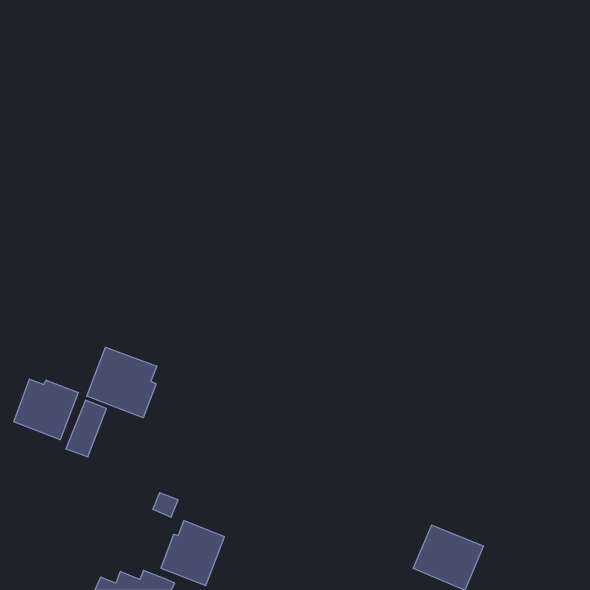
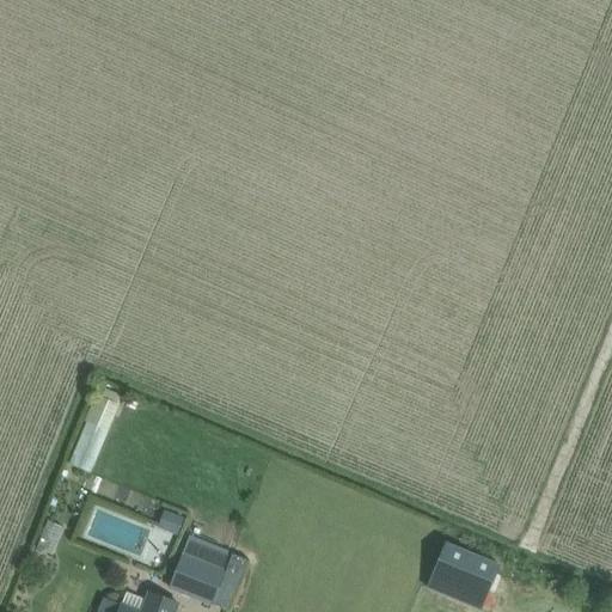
building: [87,347,157,418] -> none
building: [14,379,78,440] -> none

